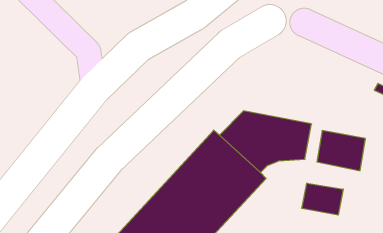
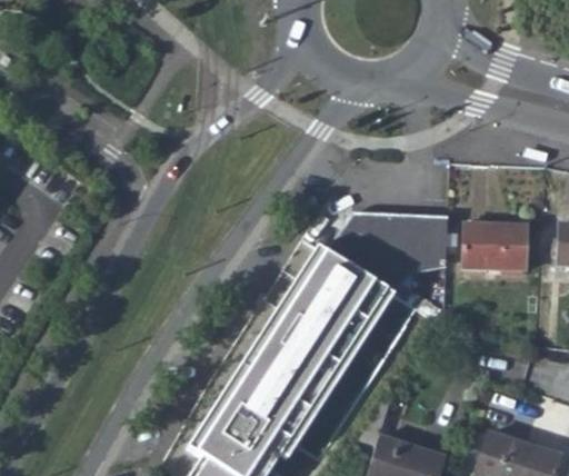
building: [302,183,343,215] -> none

